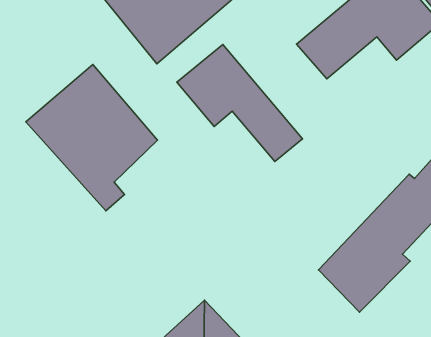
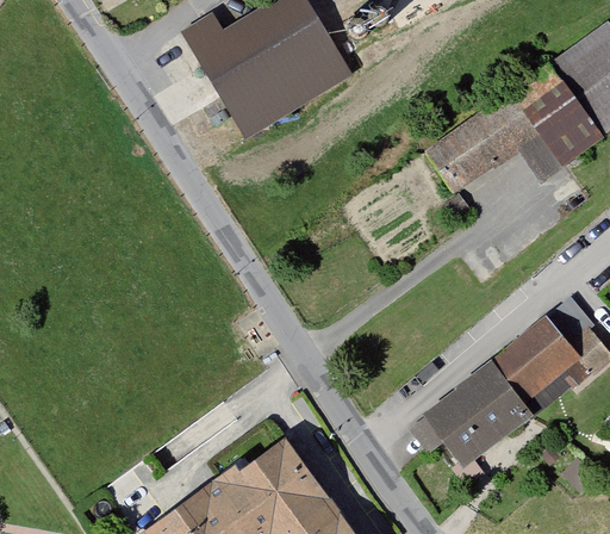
building: [177,44,303,161] -> none
building: [26,64,158,211] -> none

